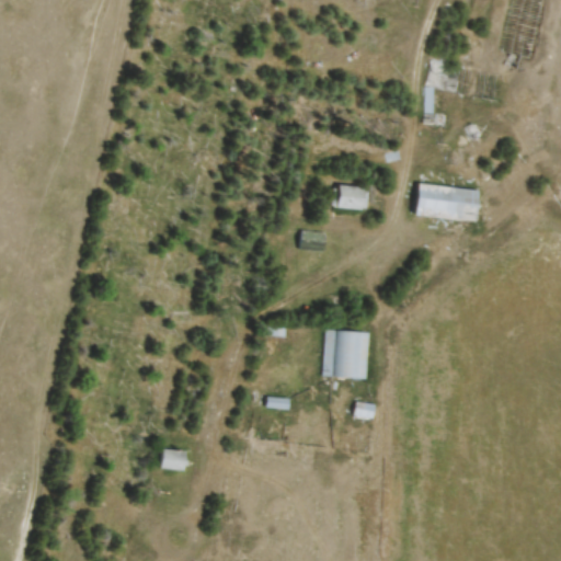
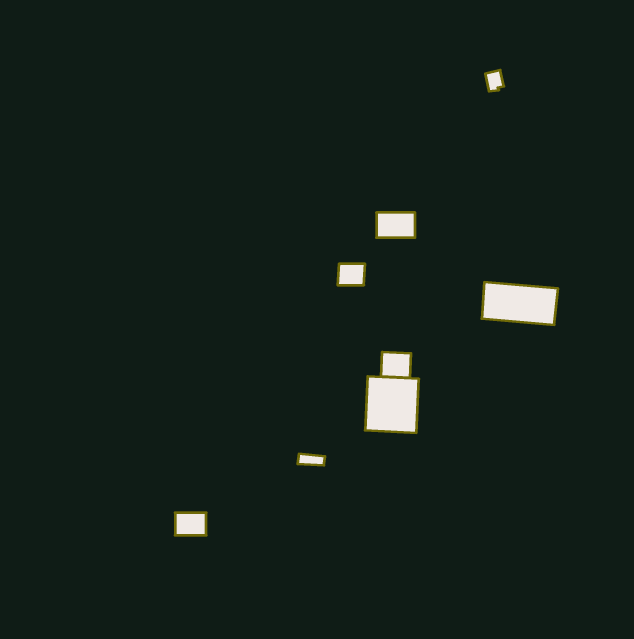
building: [413,184,480,221] -> [482,282,558,325]
building: none -> [381,352,411,378]

